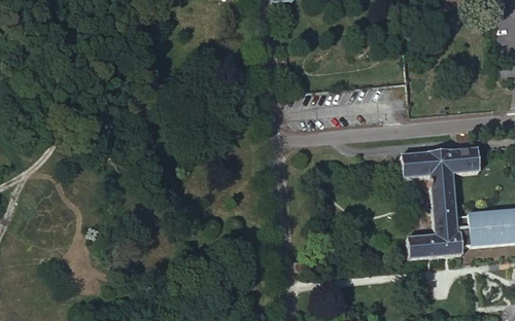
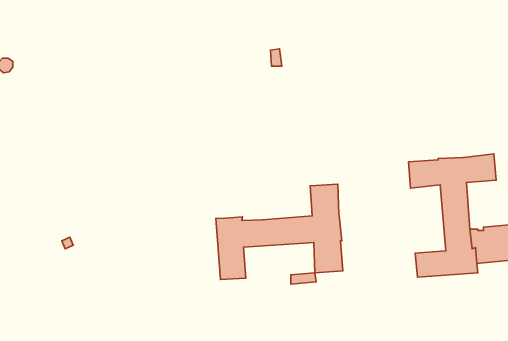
building: none -> [216,184,343,280]

